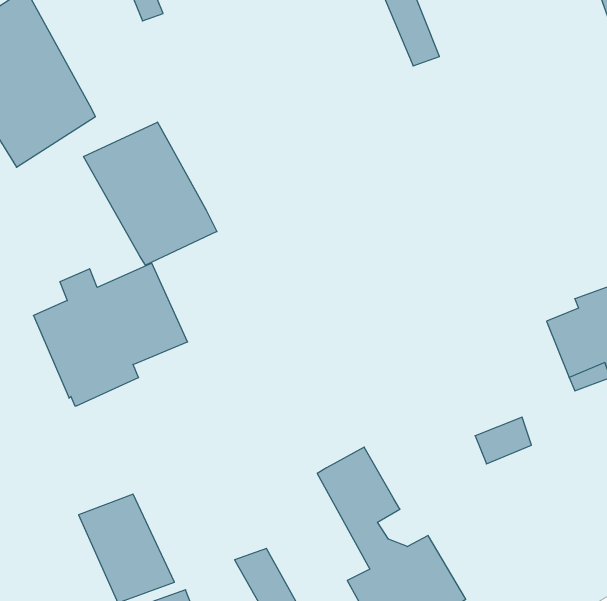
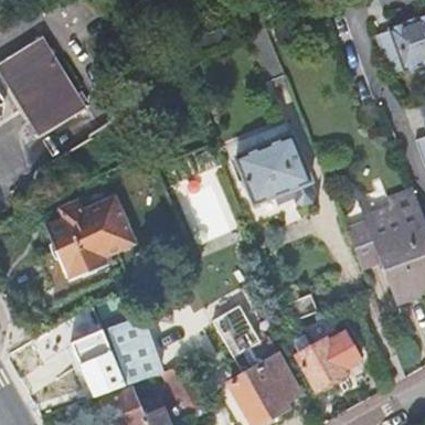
building: [84,122,217,265] -> none
building: none -> [236,132,310,201]
building: none -> [298,329,362,386]
building: none -> [115,340,161,382]

